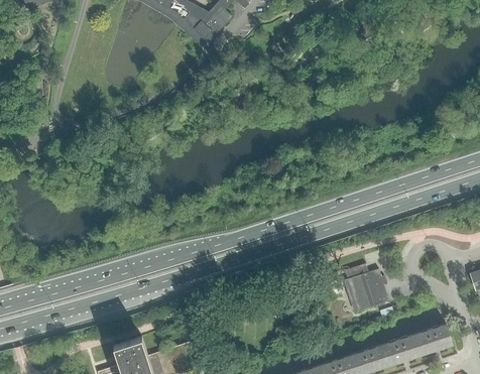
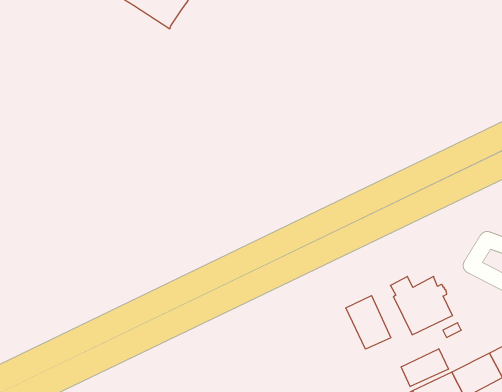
building: none -> [346,296,391,349]
building: none -> [401,349,448,387]

